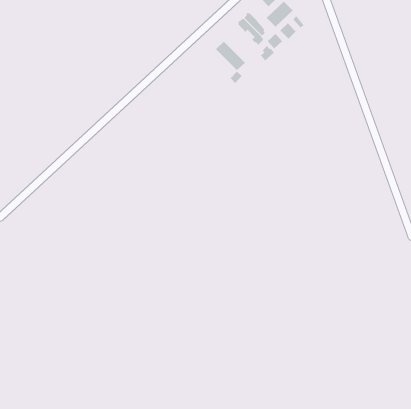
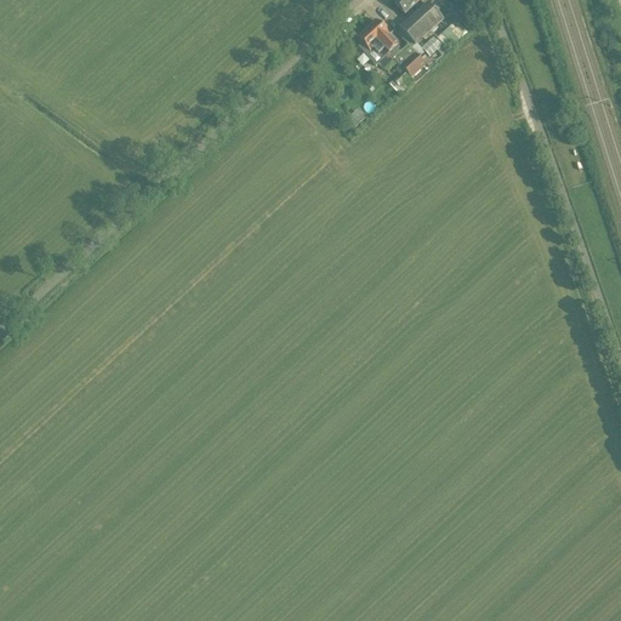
building: [215,41,246,71] -> none

